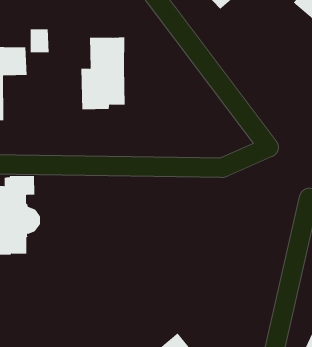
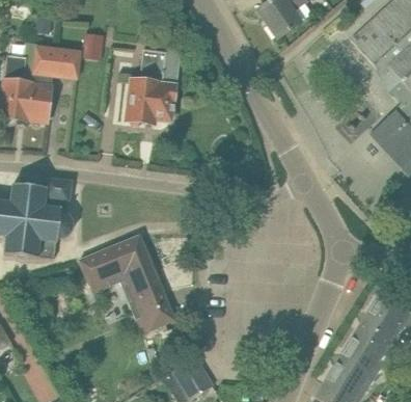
building: none -> [79,235,172,331]

